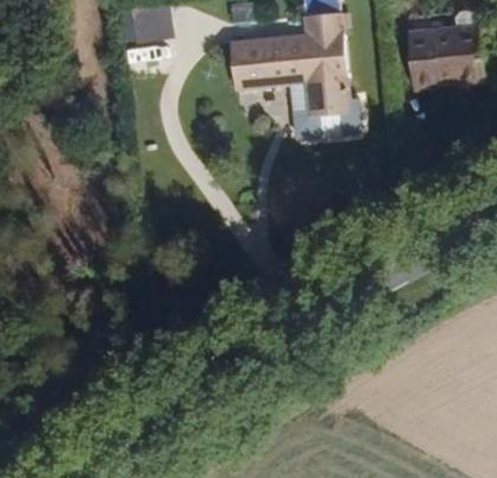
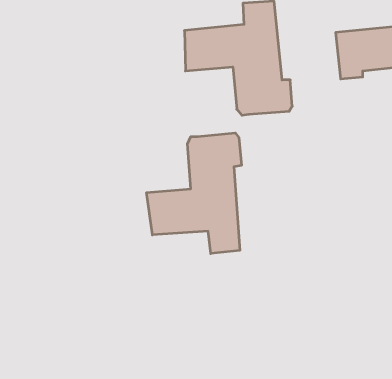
building: none -> [147,133,241,254]

